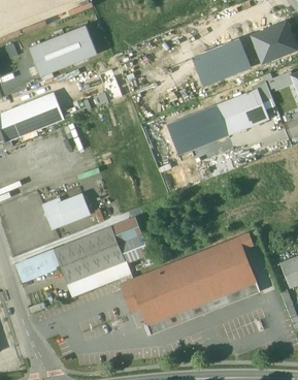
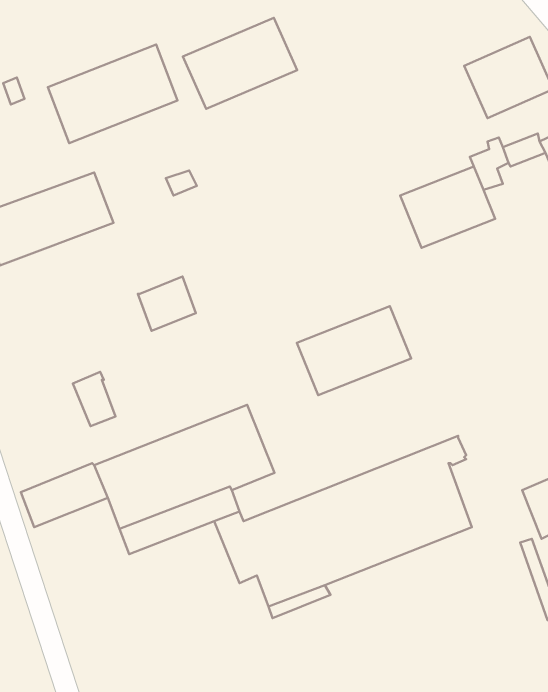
building: [190,38,251,87] -> [183,18,297,109]
building: [167,105,228,153] -> [297,306,411,395]
building: [58,194,89,223] -> [138,276,196,331]

